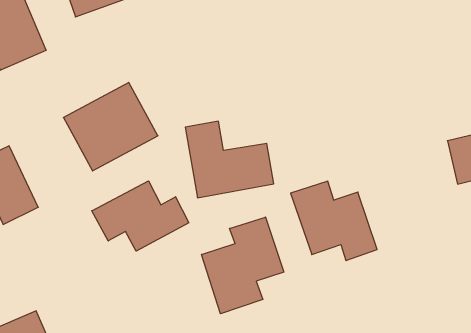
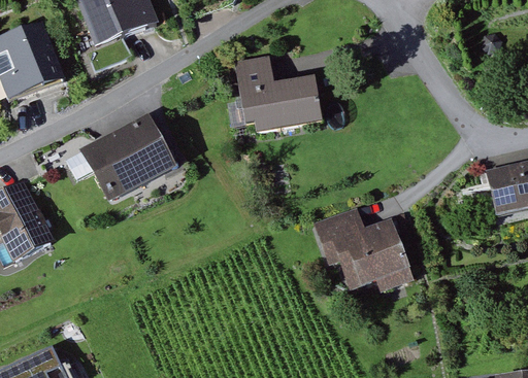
building: [185,121,274,198] -> [233,54,324,132]
building: [92,181,189,251] -> none
building: [202,217,284,314] -> none

